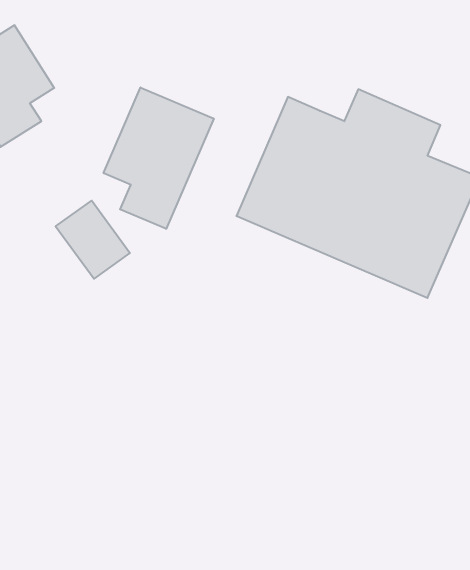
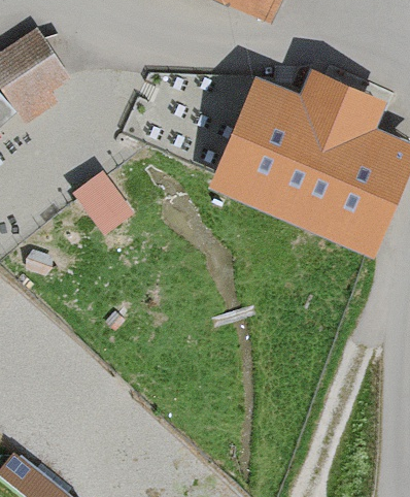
building: [104,87,214,229] -> none

